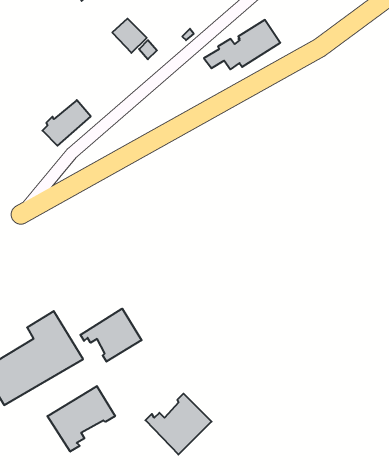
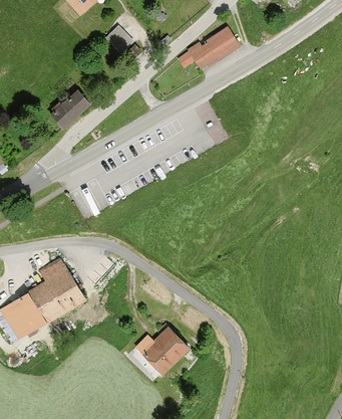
building: [80,309,142,362] -> none
building: [47,386,115,452] -> none

